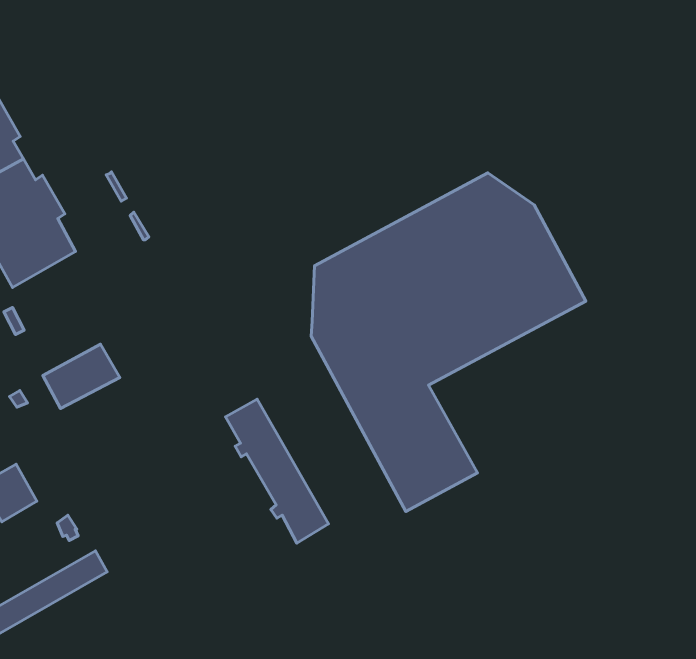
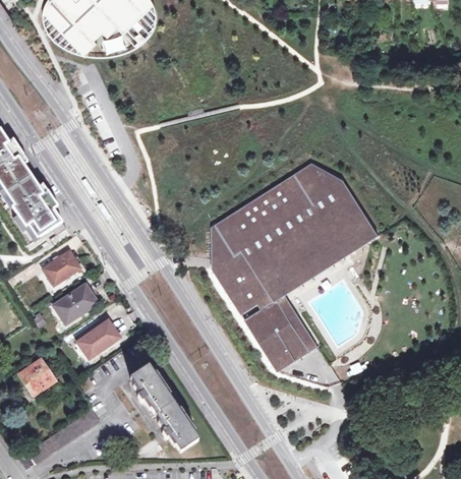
building: none -> [42,250,79,285]
building: [226,399,329,543] -> [130,366,197,452]
building: none -> [76,320,119,359]

